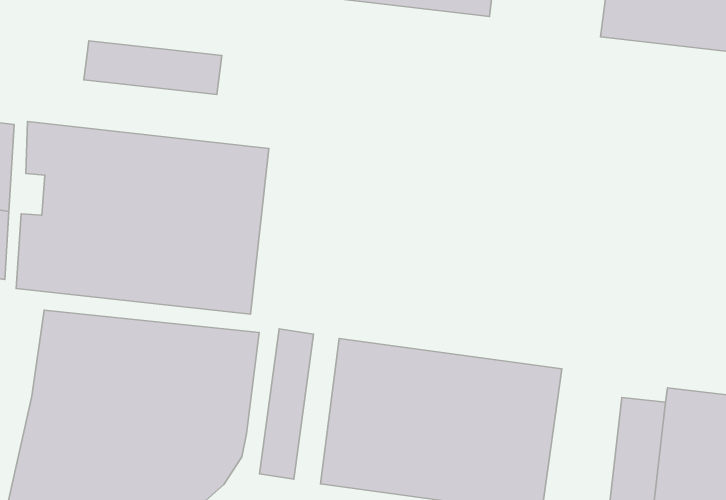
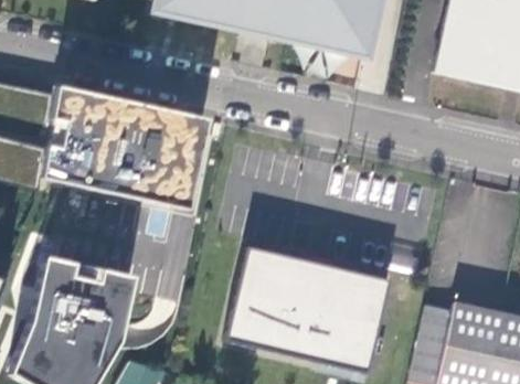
building: [84,41,222,95] -> none
building: [260,329,314,479] -> none

